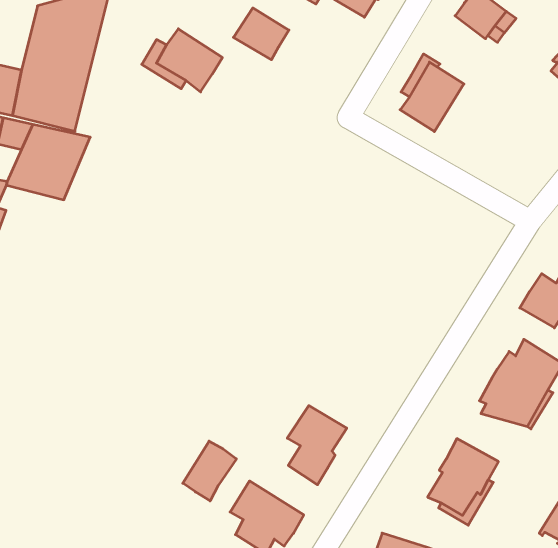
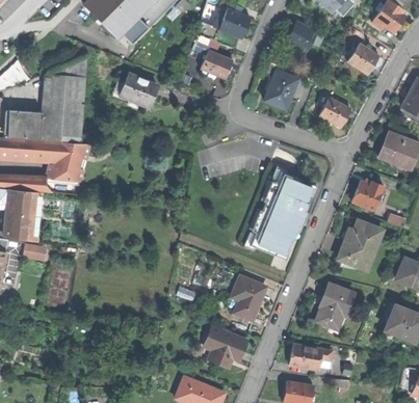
building: [233,8,289,60] -> [201,50,232,78]
building: none -> [319,98,351,128]
building: none -> [258,176,315,259]
building: [183,441,236,501] -> none

